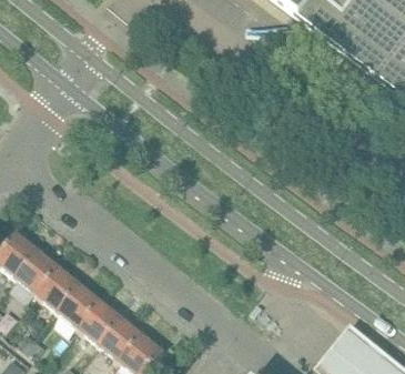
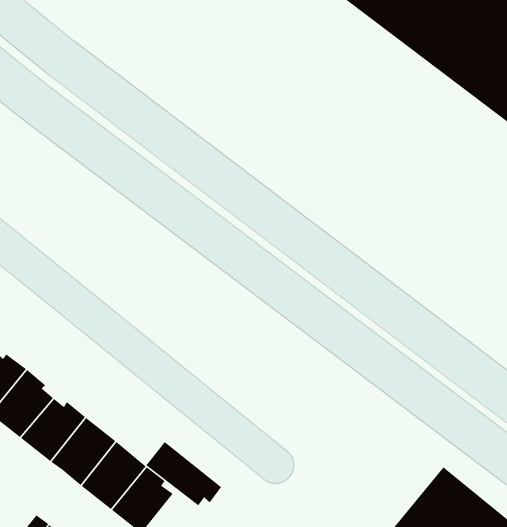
building: none -> [145,441,222,506]

